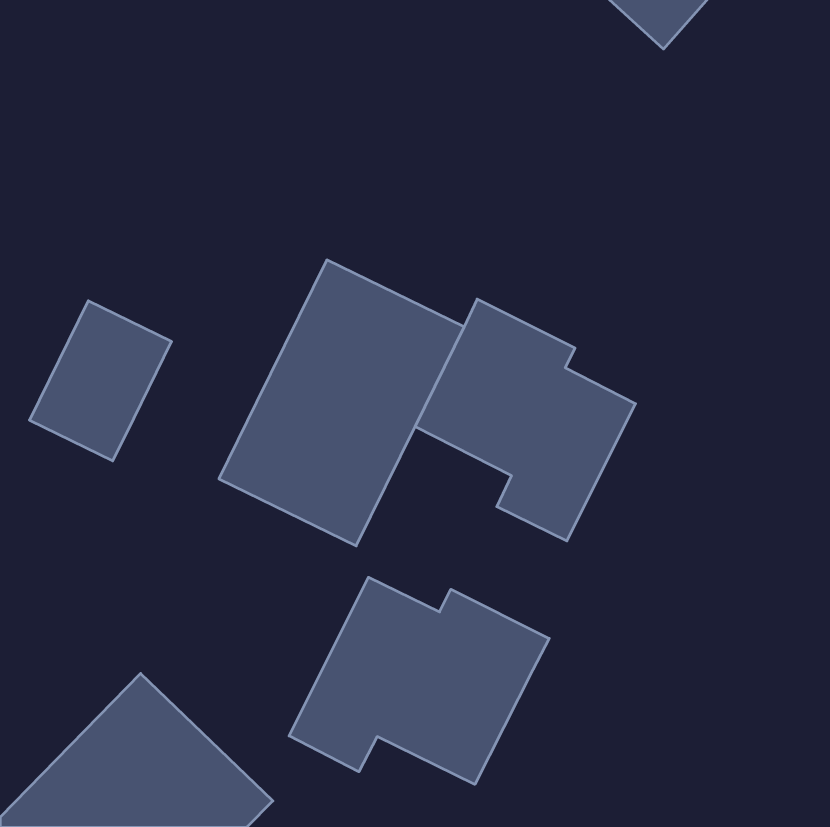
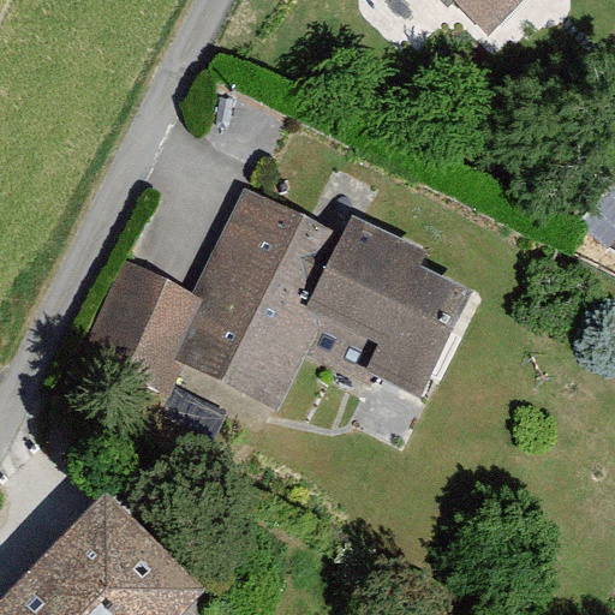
building: [29,301,172,461] -> [88,265,192,383]
building: [289,577,549,784] -> none

